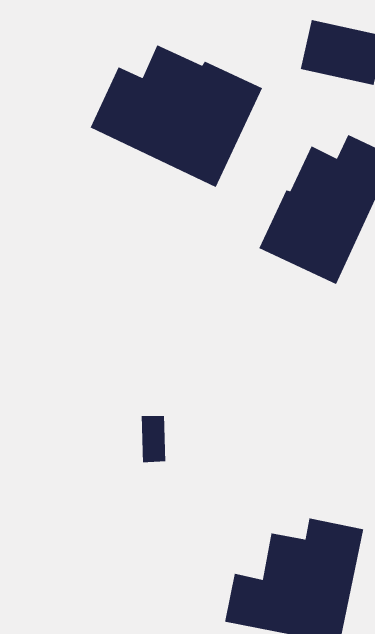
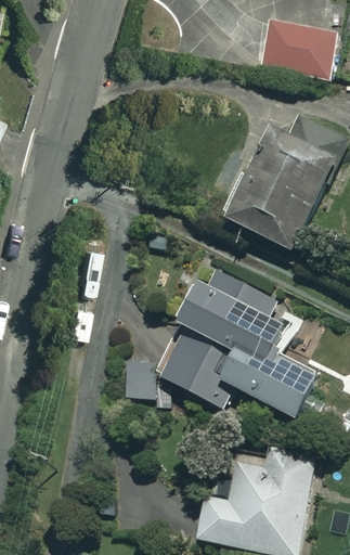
building: [90,44,263,188] -> none
building: none -> [161,272,317,416]

